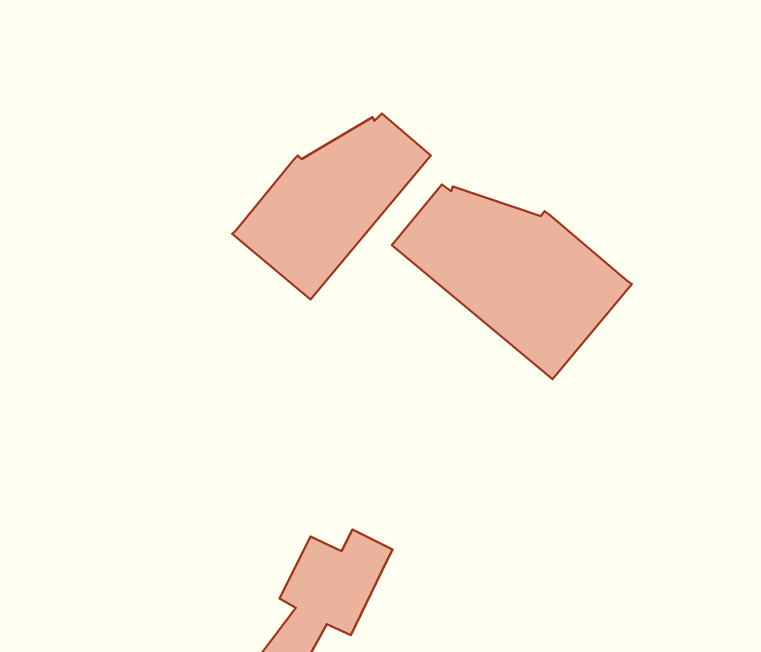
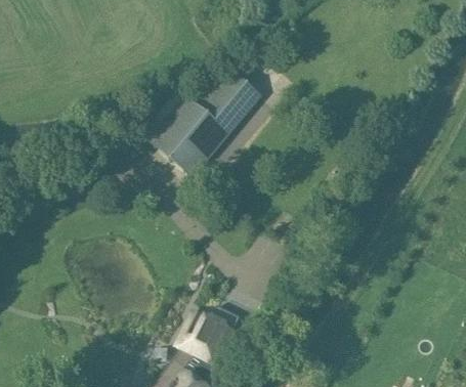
building: [392,185,632,379] -> none

